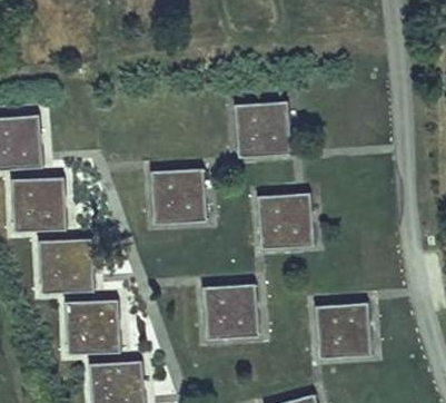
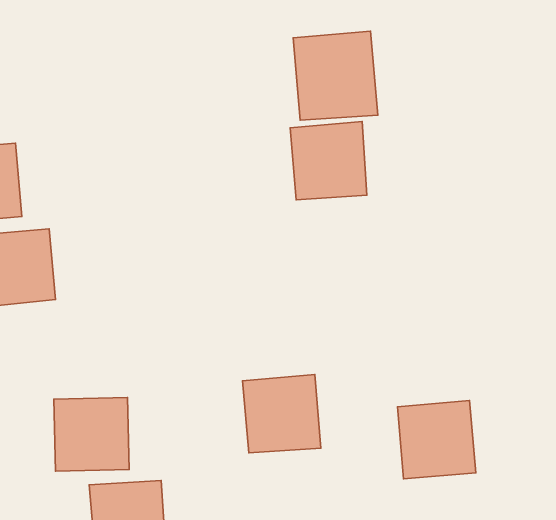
building: none -> [293,31,378,120]
building: [149,167,205,224] -> none
building: [258,190,315,248] -> none
building: [39,237,92,291] -> none

